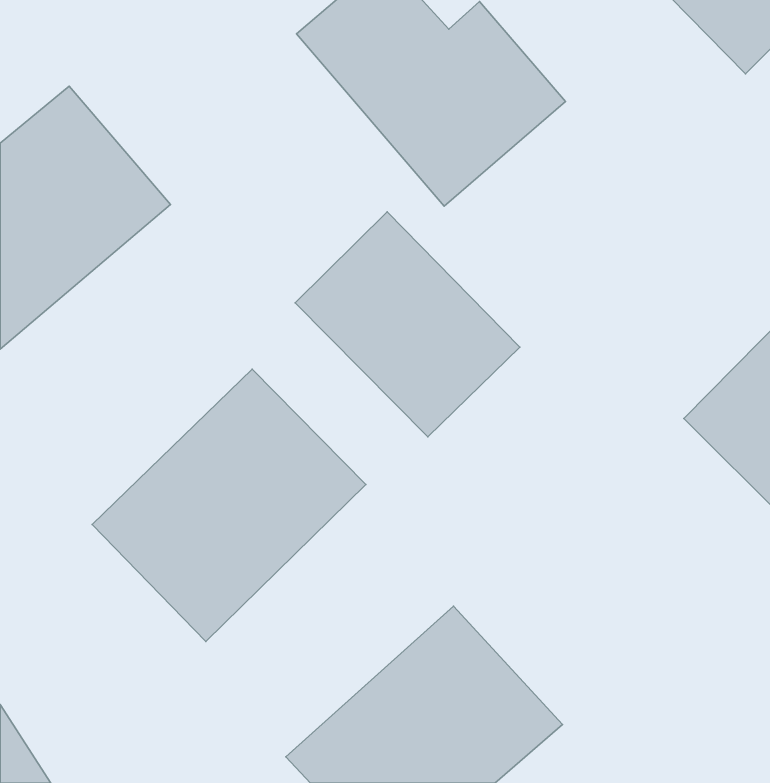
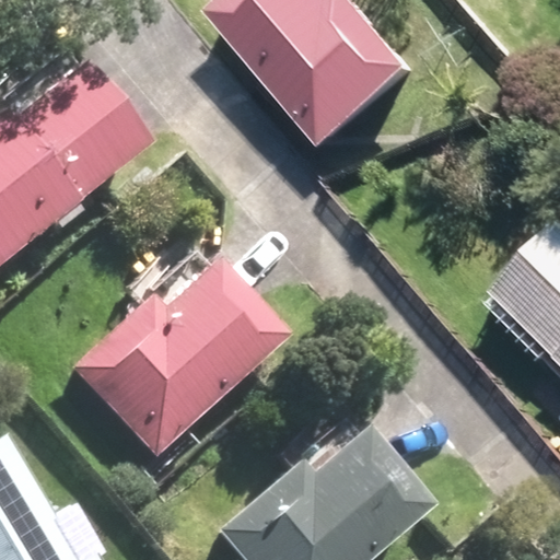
building: [295,212,520,437] -> none

